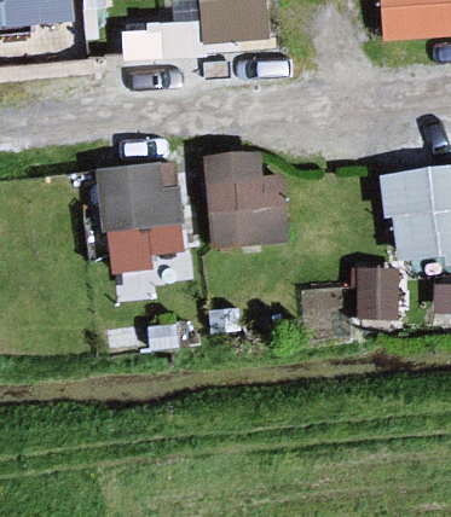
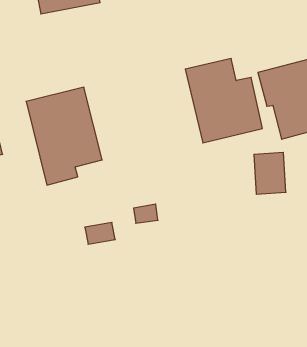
building: [202,146,283,240] -> [185,59,262,143]

